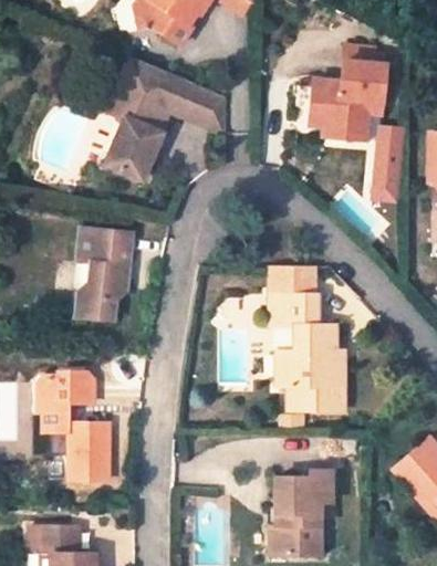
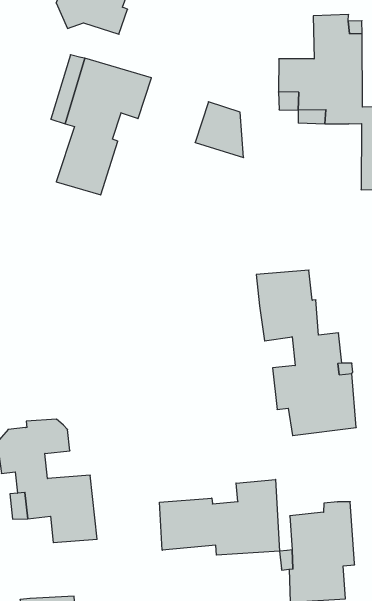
building: [184,85,226,137] -> [195,102,244,158]
building: [73,224,134,319] -> none
building: none -> [160,479,280,555]

